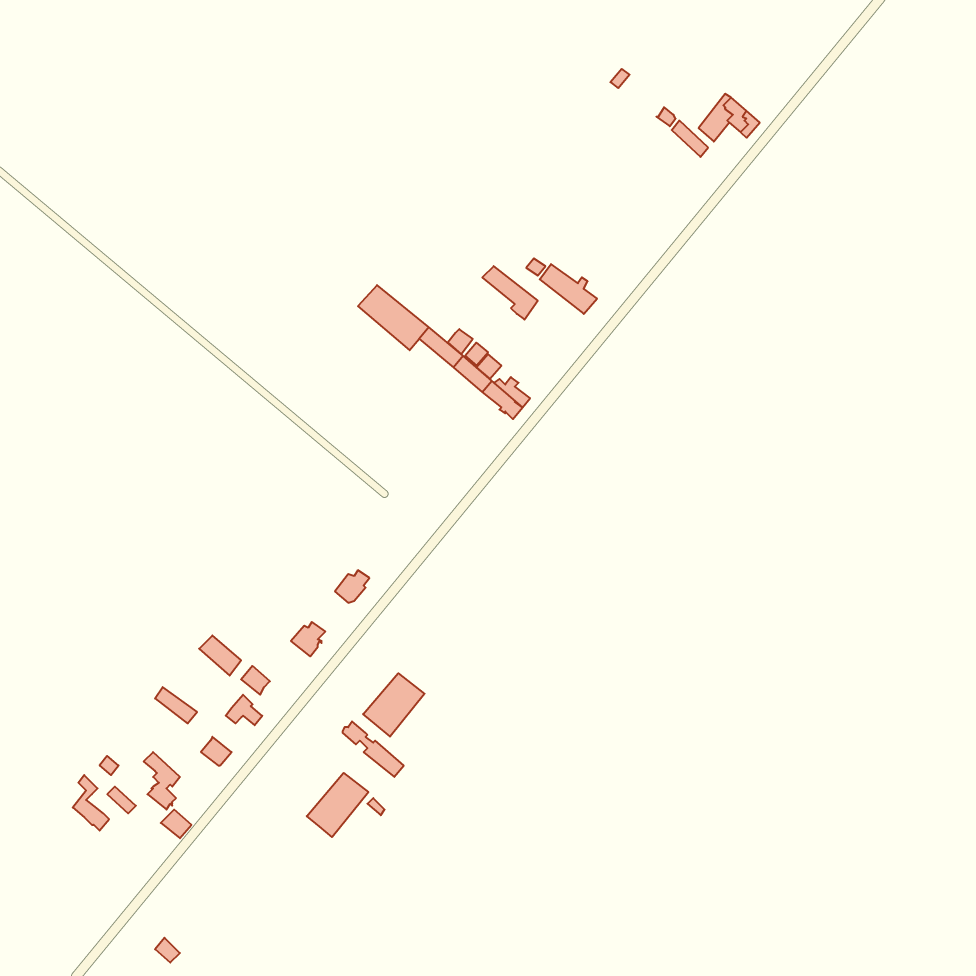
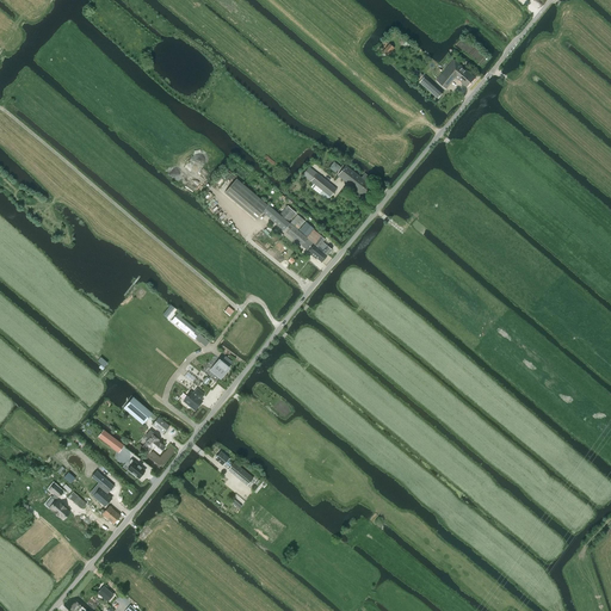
building: [363,673,425,737] -> none
building: [307,773,368,837] -> none

